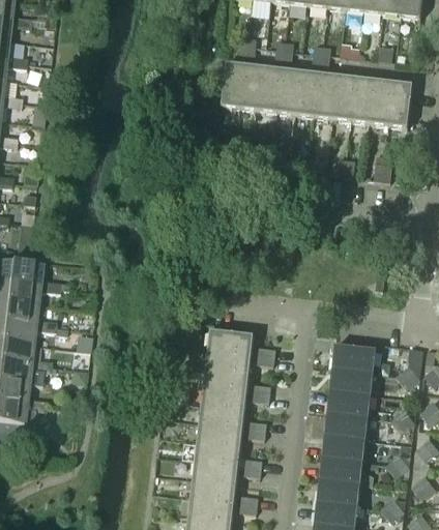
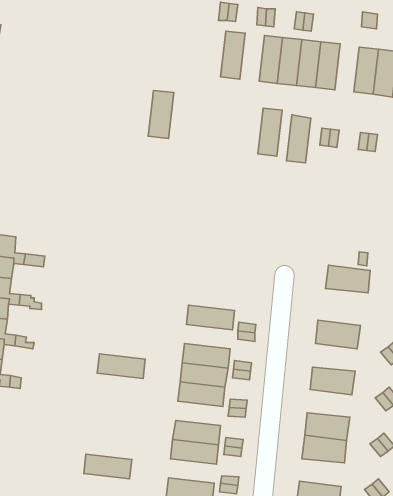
building: [221,61,245,108] -> [148,90,174,138]
building: [259,65,283,112] -> [258,108,282,156]
building: [351,76,375,122] -> [286,115,311,163]
building: [205,348,252,372] -> [97,354,145,378]
building: [329,366,373,393] -> [325,265,370,293]
building: [324,411,368,438] -> none
building: [197,422,242,446] -> none
building: [189,478,236,502] -> [84,454,132,479]
building: [317,478,360,505] -> none

